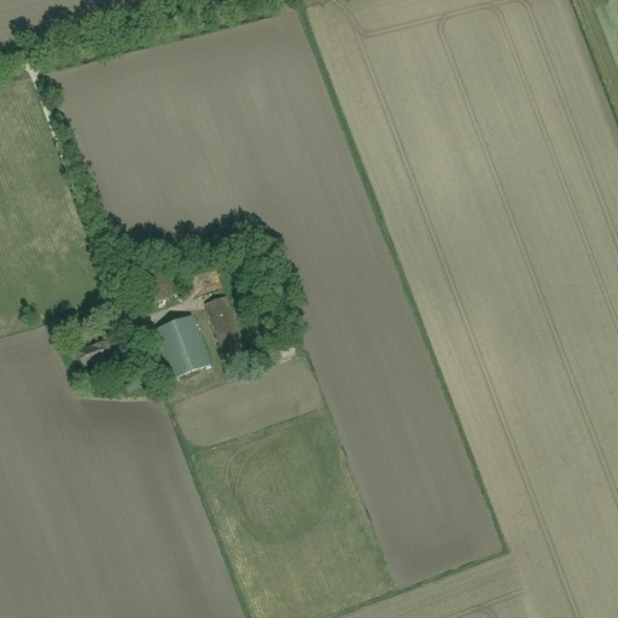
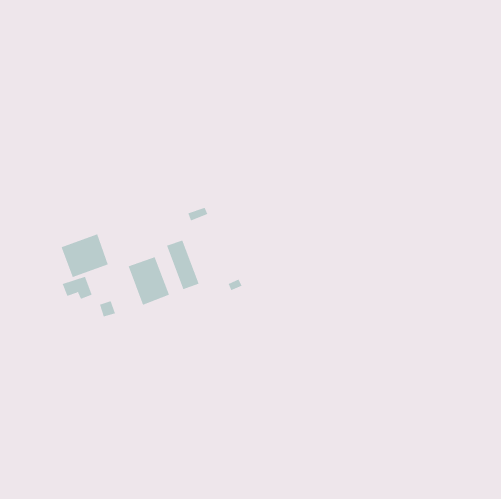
building: none -> [61,233,109,278]

